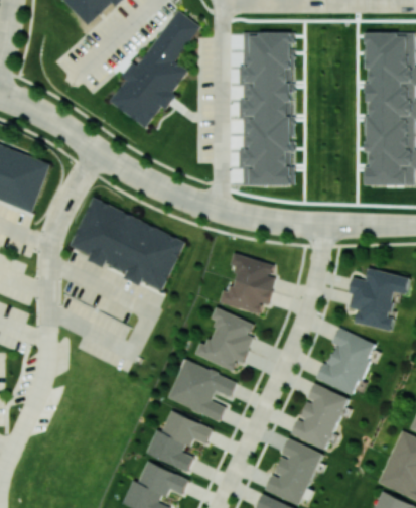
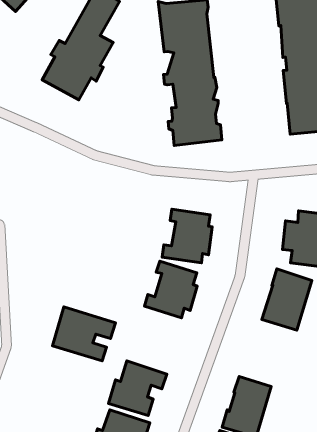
building: [70,198,184,291] -> none
building: [167,359,237,420] -> [53,307,116,361]
building: [290,383,348,450] -> none

